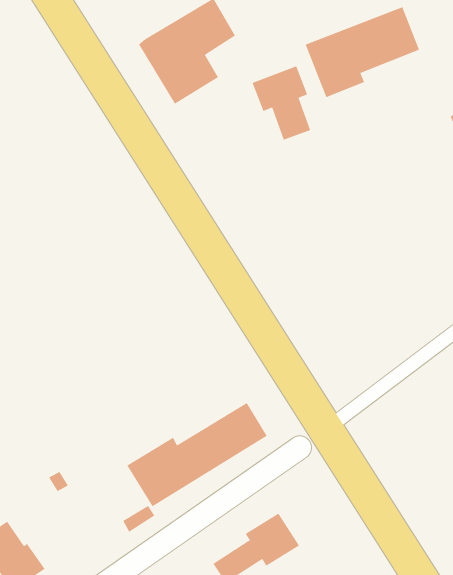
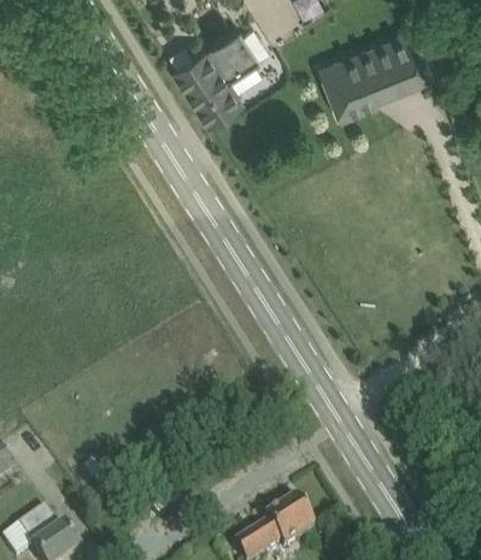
building: [252,66,311,140] -> none
building: [127,402,267,507] -> none

